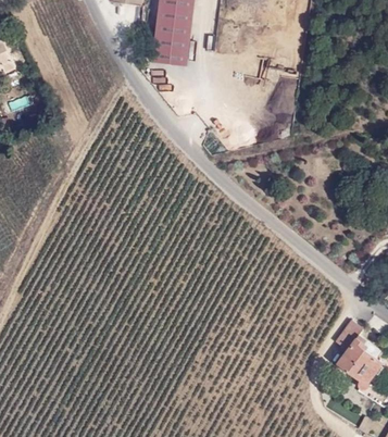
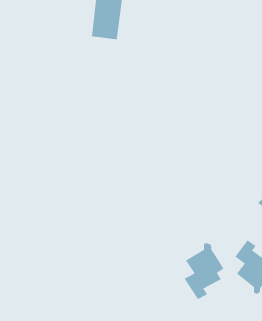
building: none -> [184,242,224,300]

